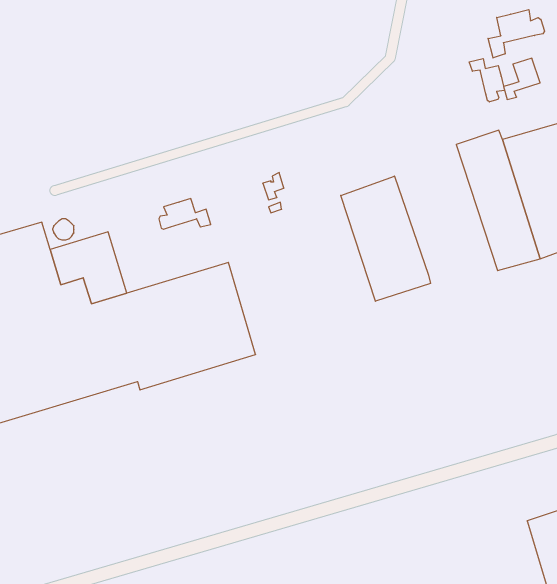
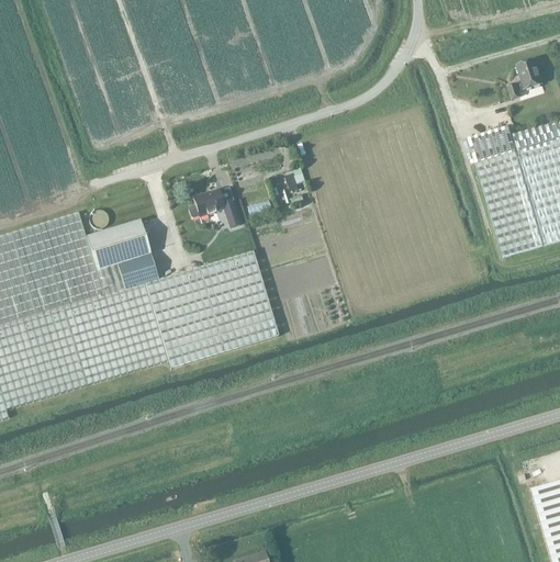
building: [488,10,544,58] -> none
building: [469,59,504,102] -> none
building: [341,176,431,301] -> none

